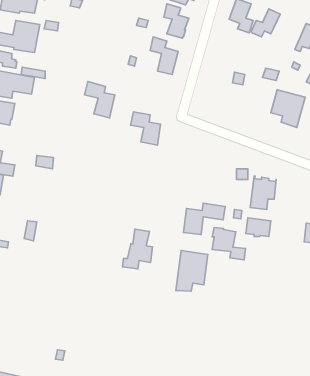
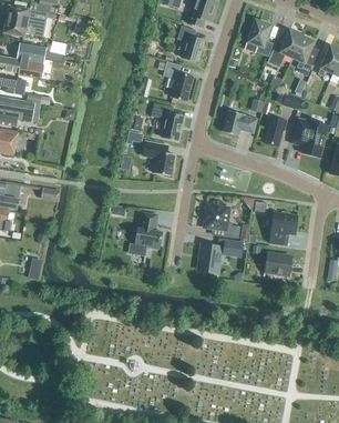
building: none -> [291,36,315,74]
building: [85,81,115,118] -> [151,101,183,140]
building: none -> [222,109,256,135]
building: none -> [264,115,286,145]
building: [212,228,245,260] -> [204,203,239,238]
building: [122,229,153,269] -> [129,212,161,254]
building: [176,250,208,291] -> none

